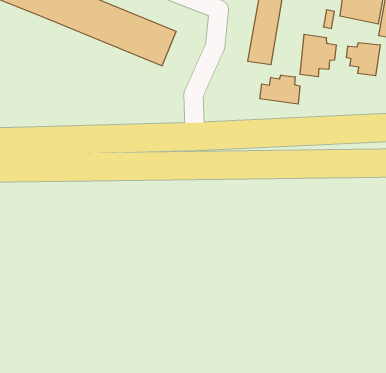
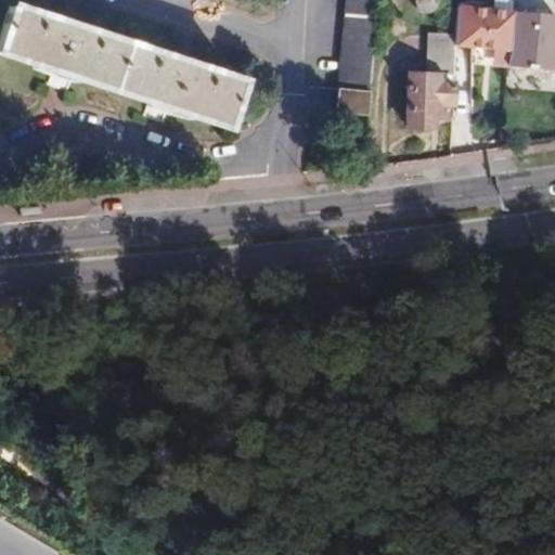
building: [347,43,380,76] -> none
building: [260,75,300,104] -> none

